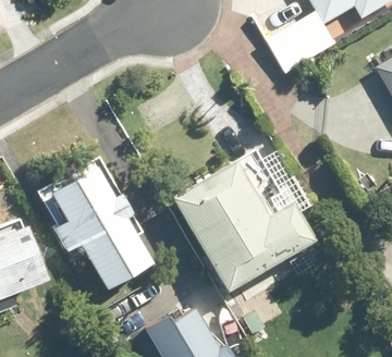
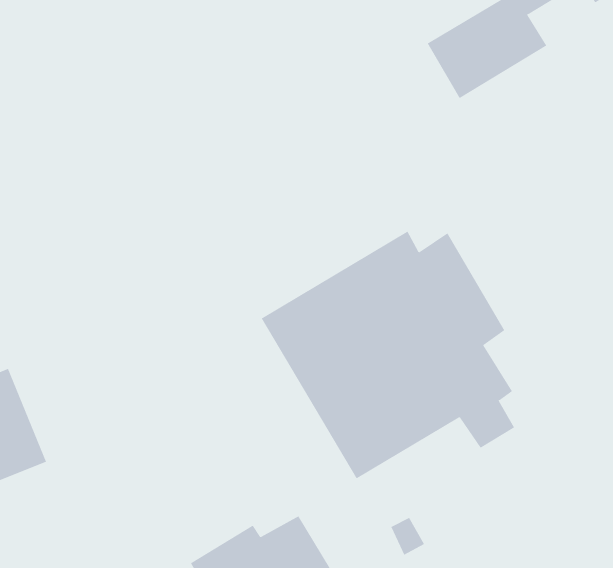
building: [51,167,152,288] -> none

